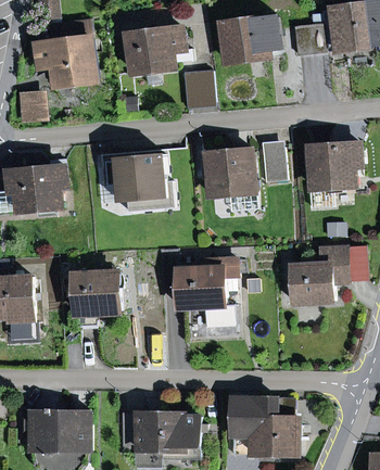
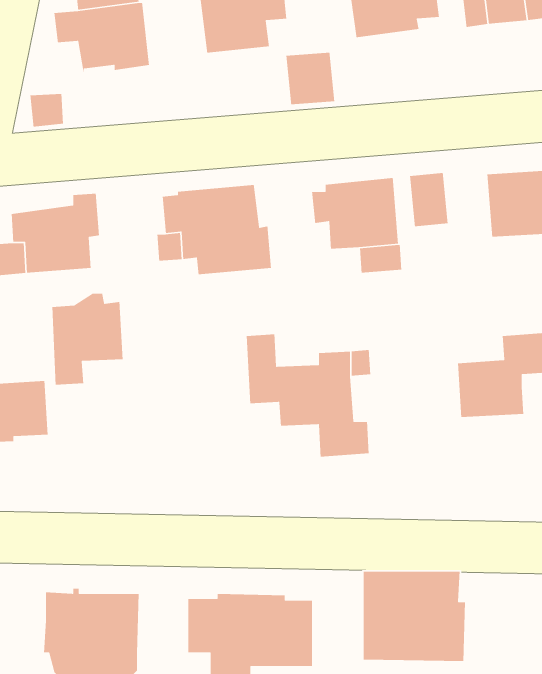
building: [76,267,122,326] -> [51,293,124,385]

